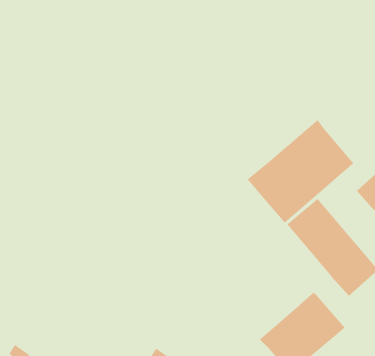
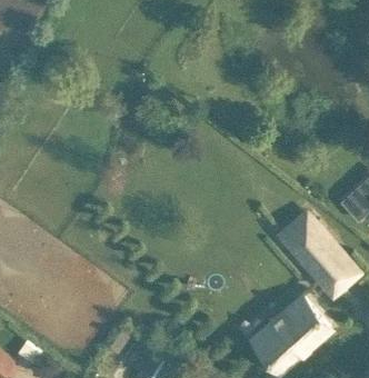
building: [247,119,354,224] -> none

